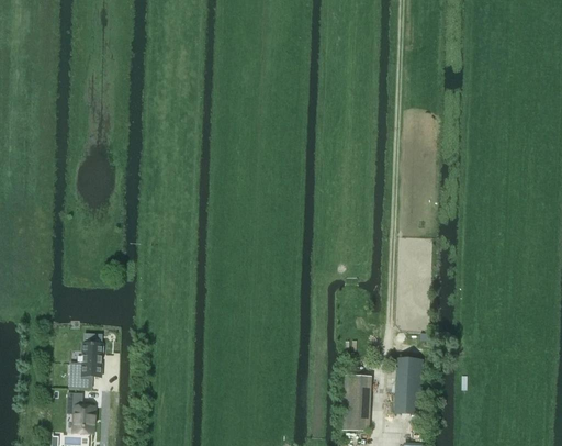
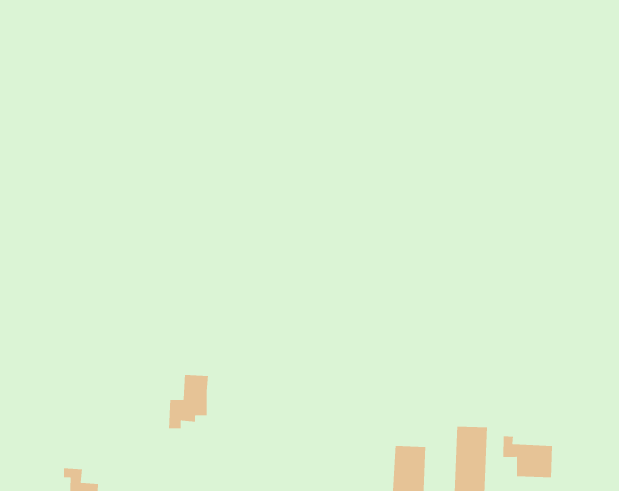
building: [69,342,103,388] -> [168,374,209,429]
building: none -> [503,435,553,478]

